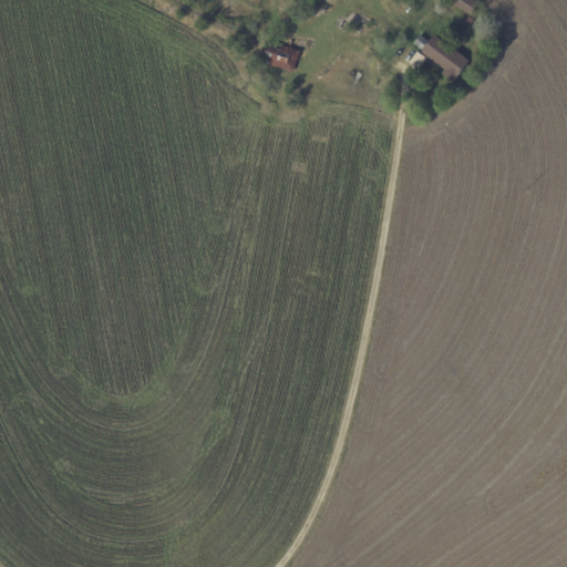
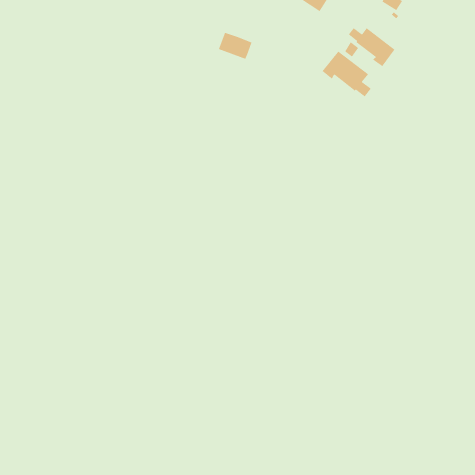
building: none -> [322,50,372,97]

